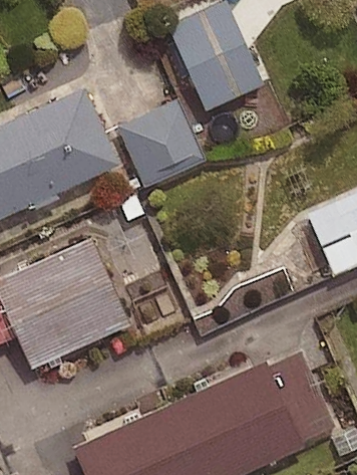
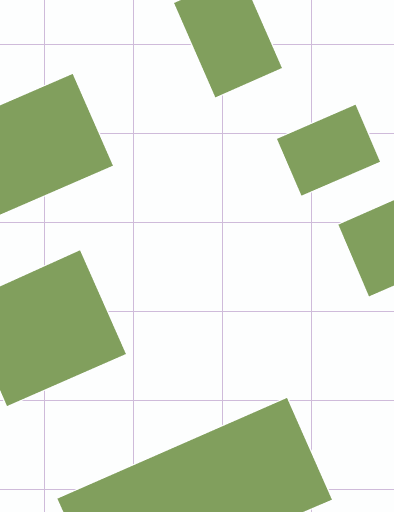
building: [120,103,205,191] -> none
building: none -> [276,104,381,197]

